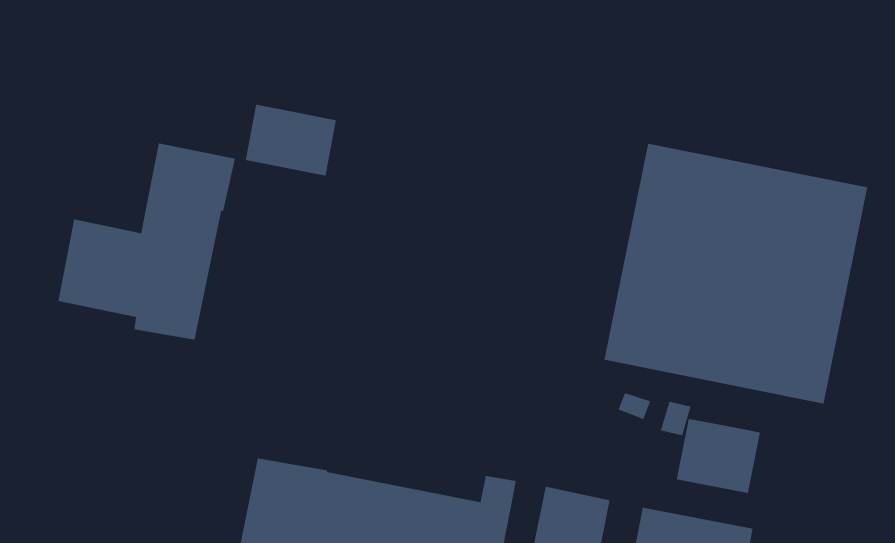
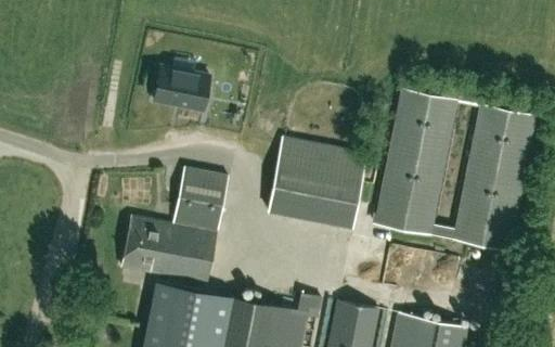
building: [57,142,236,340] -> [120,169,230,291]
building: none -> [267,138,366,228]
building: [676,418,761,494] -> none

